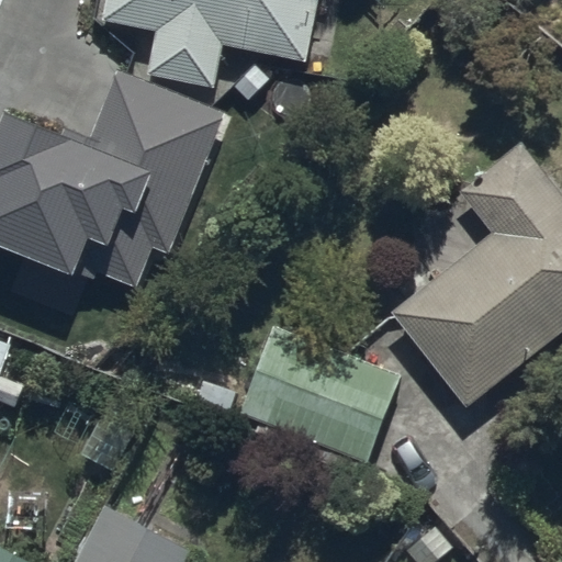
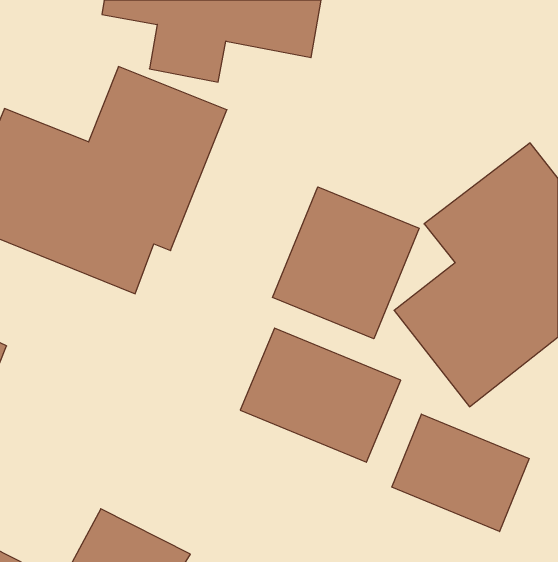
building: none -> [272,187,419,339]
building: none -> [392,414,529,532]

